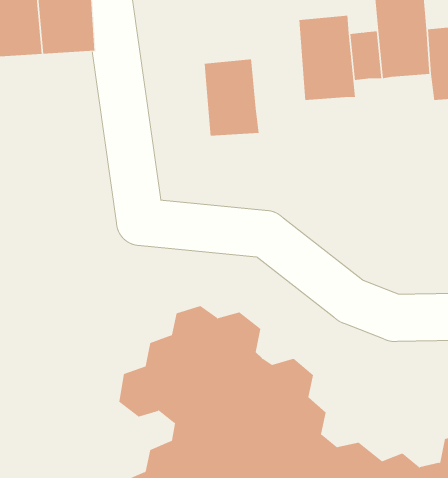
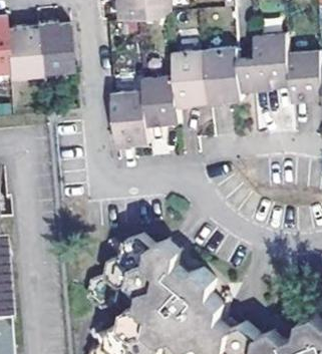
building: none -> [173,50,209,107]
building: none -> [111,89,148,145]

